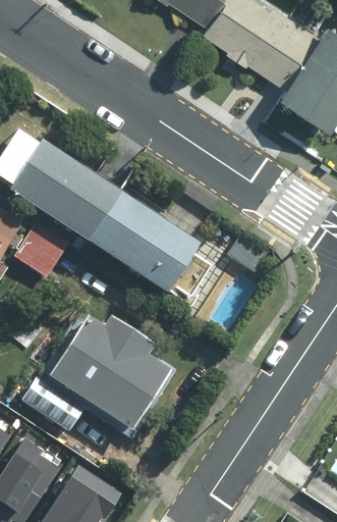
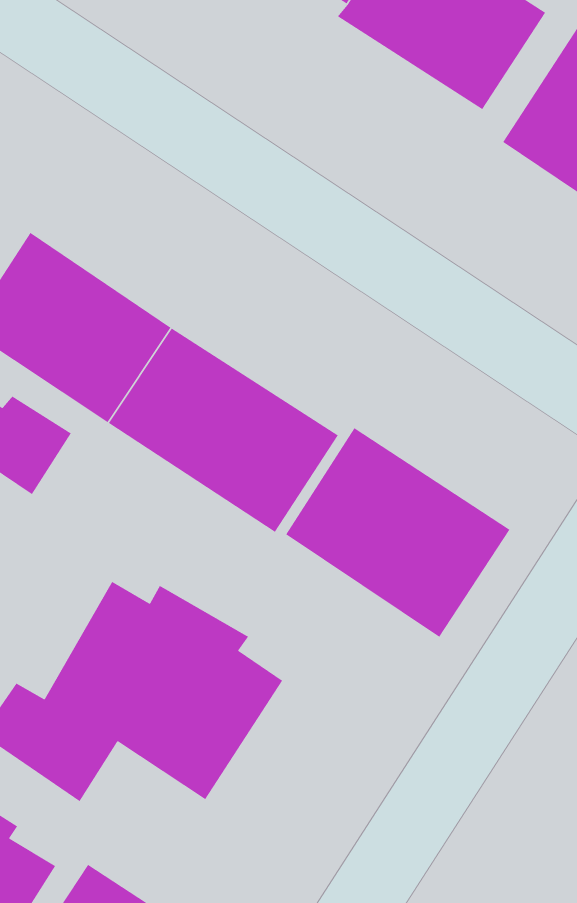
building: none -> [285,427,511,638]

